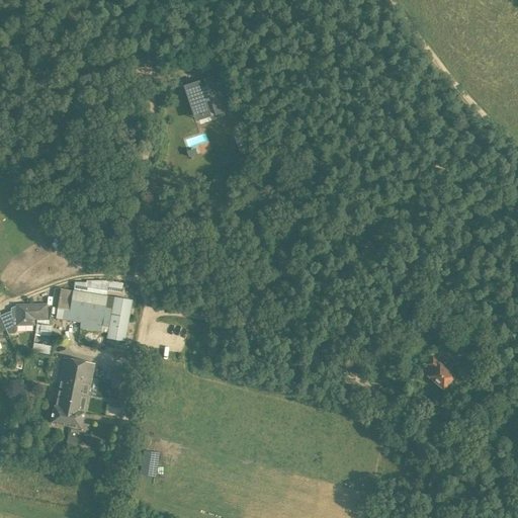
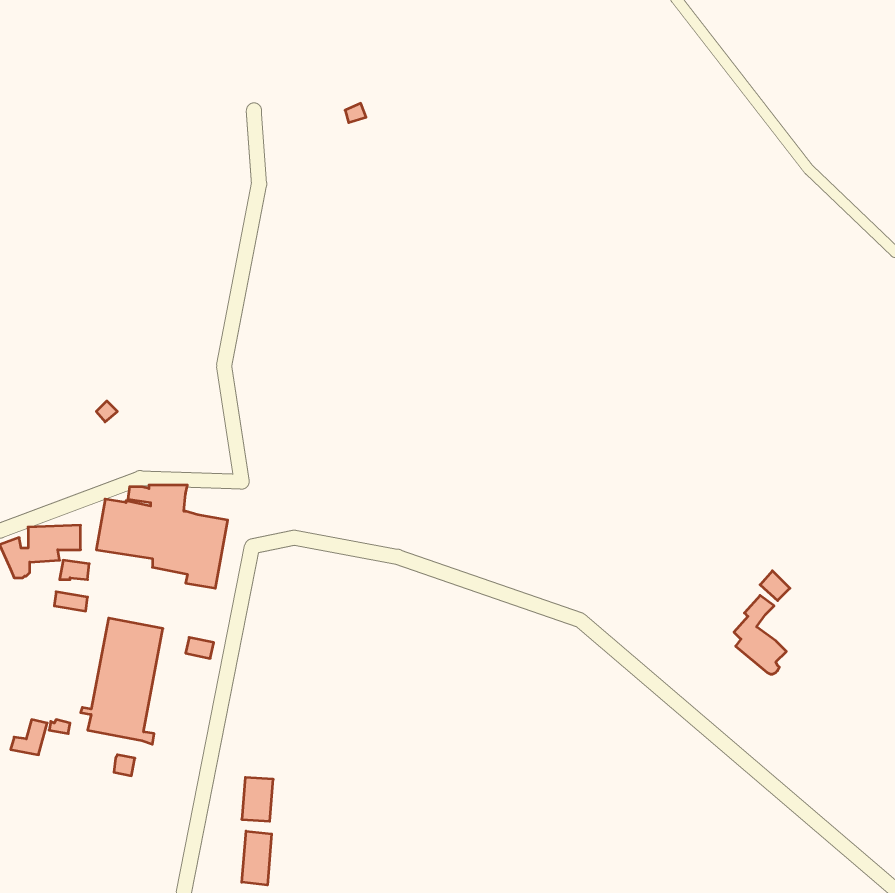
building: [187,77,224,117] -> none
building: none -> [242,831,272,885]

